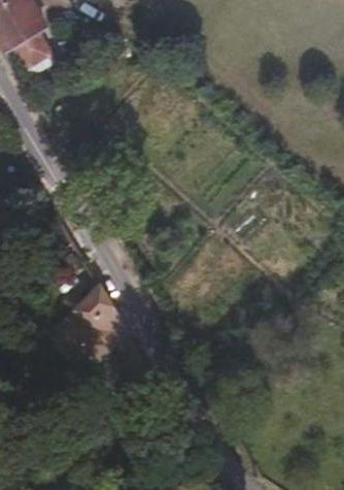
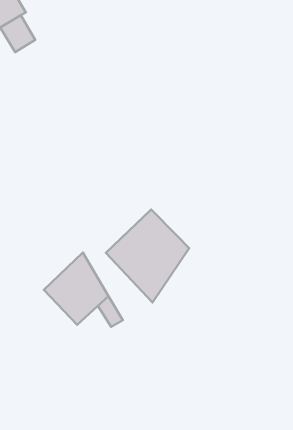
building: none -> [106,210,189,303]

